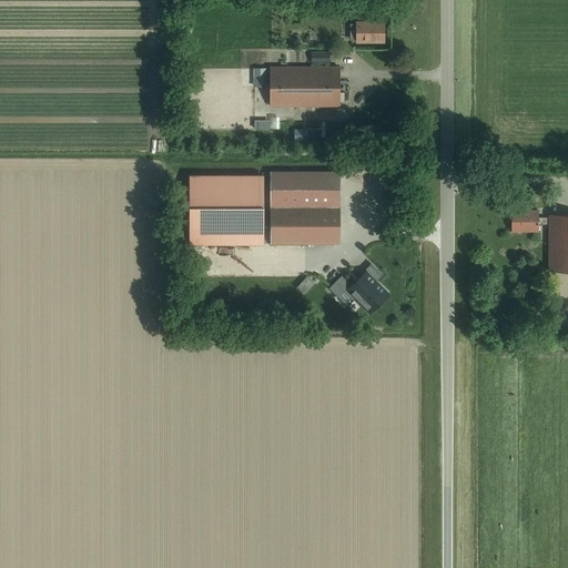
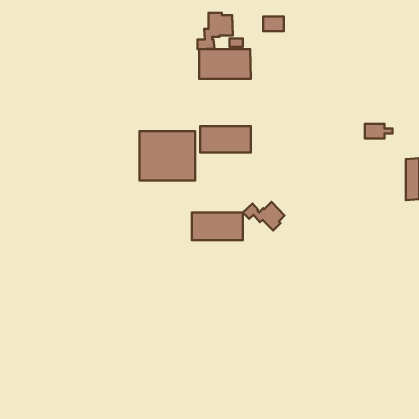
building: none -> [197,13,233,49]
building: [271,206,339,244] -> [192,212,243,240]
building: [511,211,549,231] -> [365,124,393,138]

